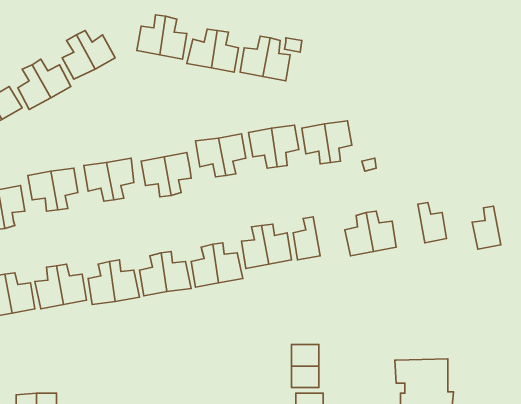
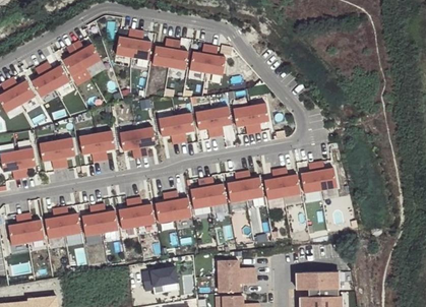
building: [472,206,501,249] -> [300,164,320,194]
building: none -> [241,171,262,200]
building: none -> [143,269,179,293]

